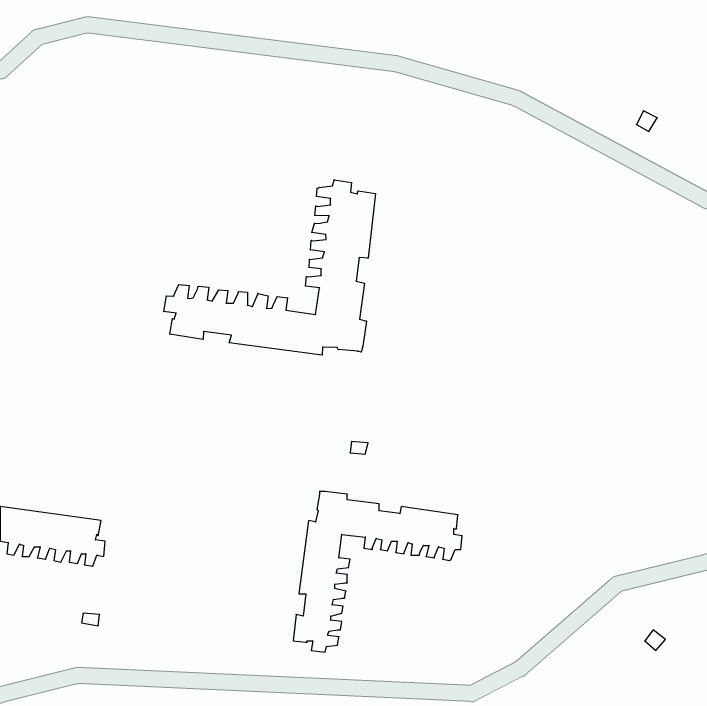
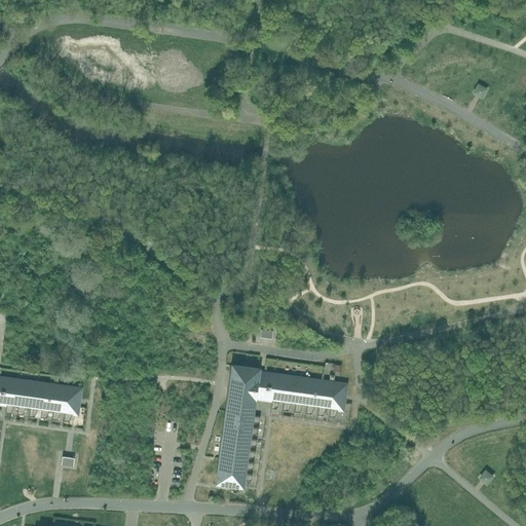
building: [164,180,376,355] -> none

